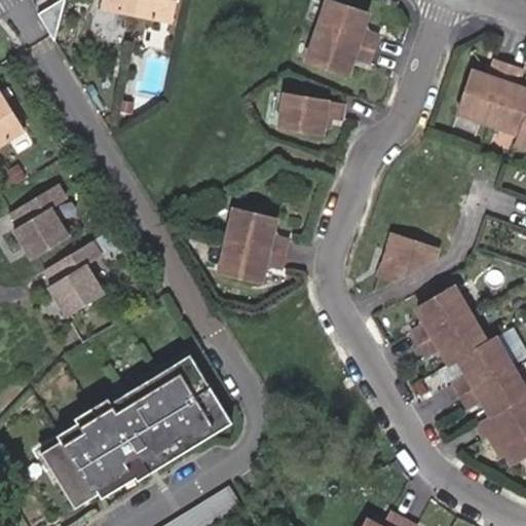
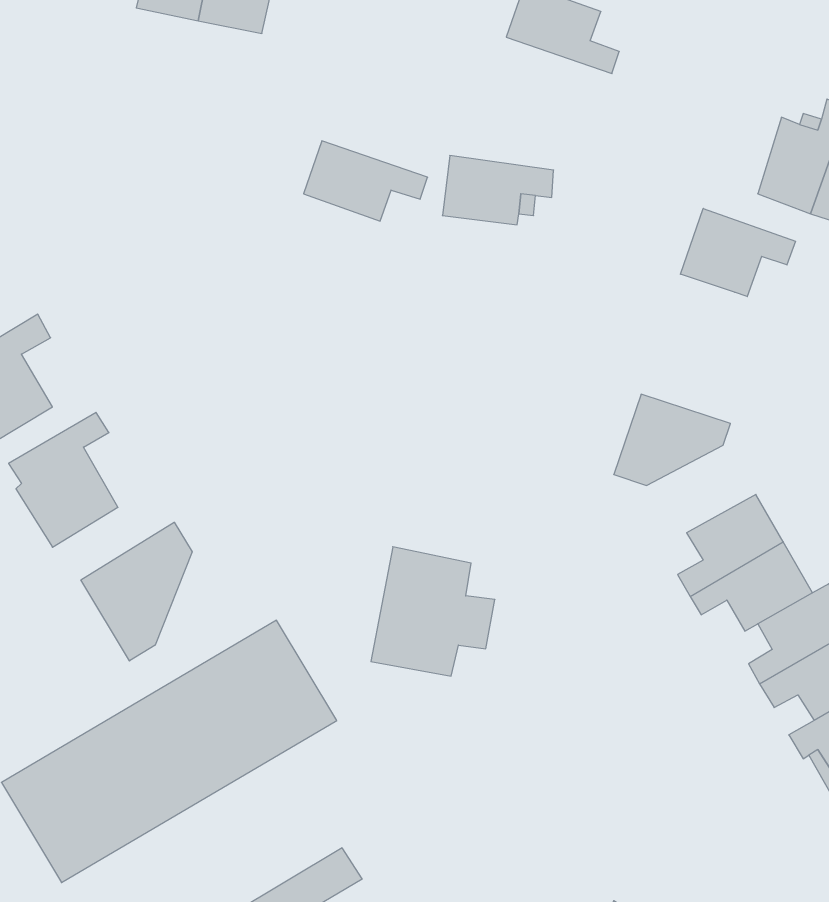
building: [310,29,380,74] -> [304,141,428,221]
building: none -> [680,208,795,297]
building: [216,208,286,280] -> [371,547,495,676]
building: none -> [81,522,192,661]

